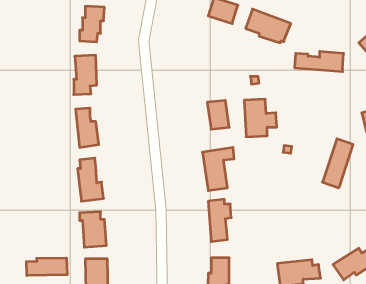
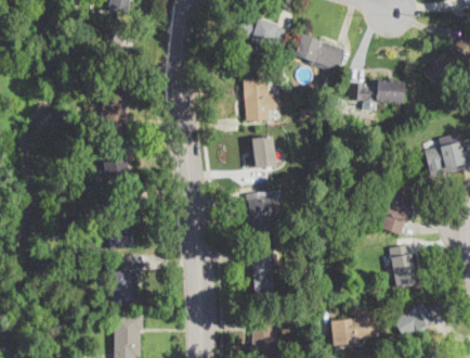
building: [244,99,277,137] -> [244,79,280,122]
building: none -> [389,245,417,289]
building: [26,258,67,276] -> none

